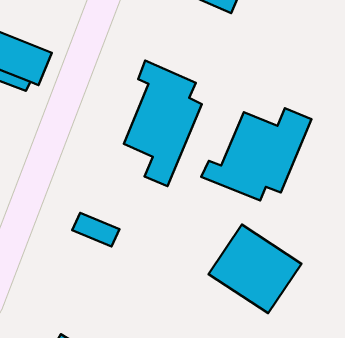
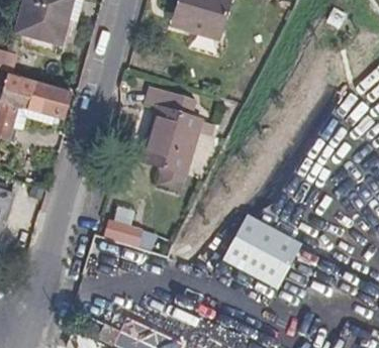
building: [201,108,311,200] -> none

